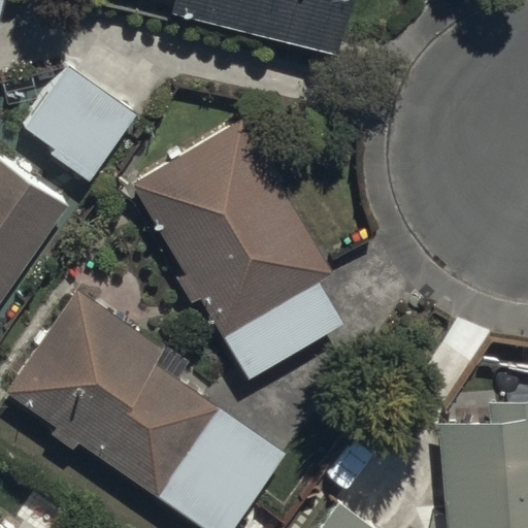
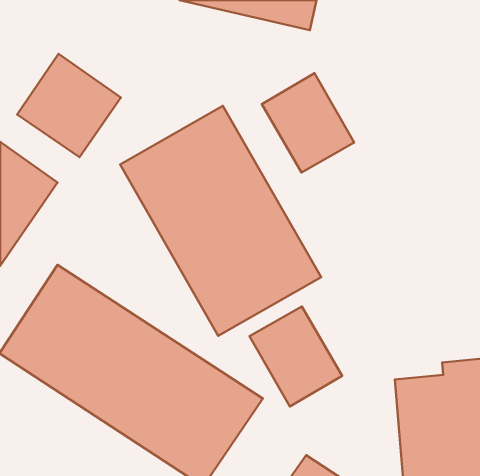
building: none -> [262,73,354,172]
building: none -> [250,306,342,406]

